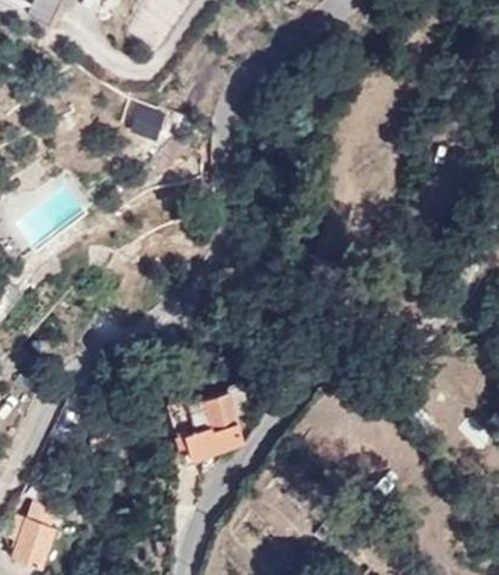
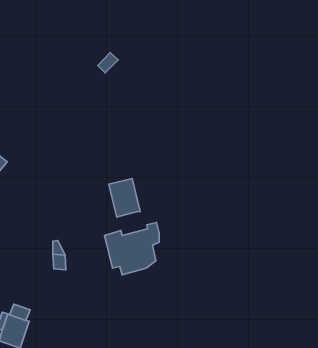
building: none -> [109,178,140,217]

